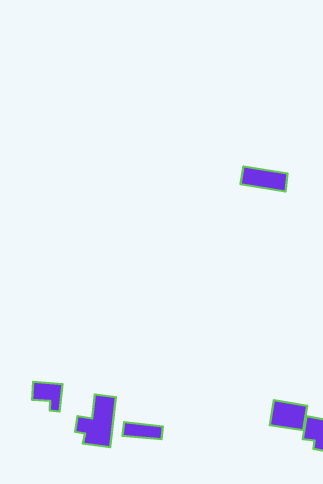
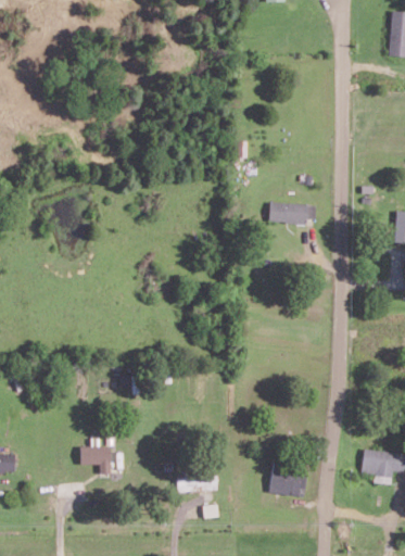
building: [75,395,116,447] -> none
building: [270,400,307,430] -> [269,468,305,495]

